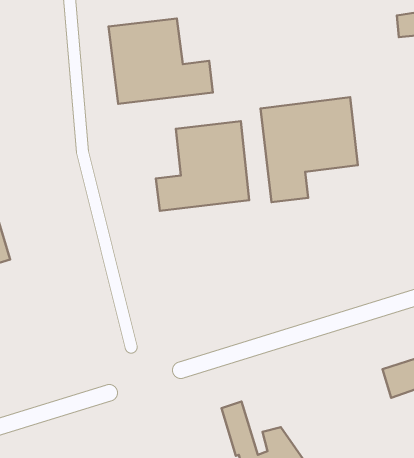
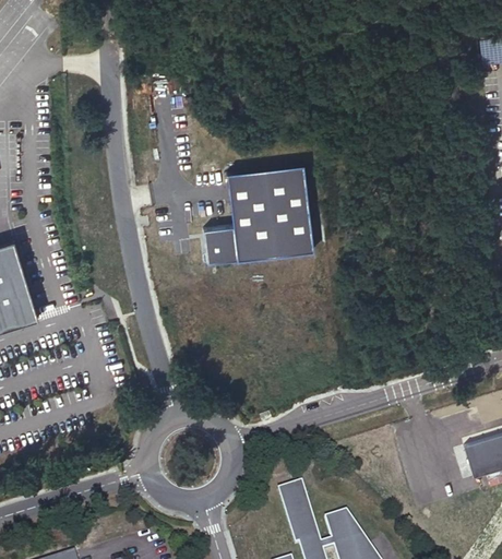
building: [108,19,213,104] -> none
building: [261,97,358,202] -> none

